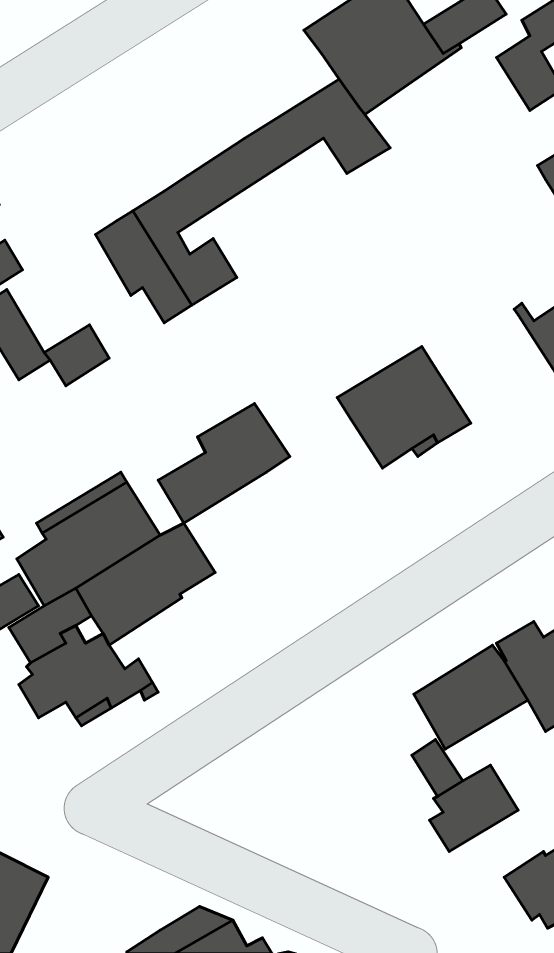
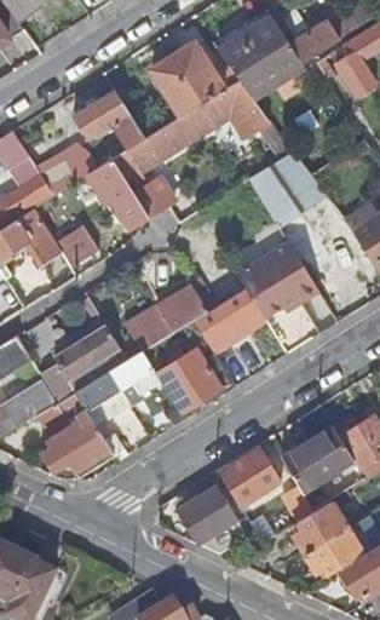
building: none -> [150,42,237,115]
building: none -> [73,91,144,148]
building: none -> [41,147,100,196]
building: none -> [249,153,327,226]
building: none -> [192,288,264,352]
building: none -> [157,348,223,414]
building: none -> [219,448,281,506]
building: none -> [177,486,247,555]
building: none -> [305,529,363,576]

